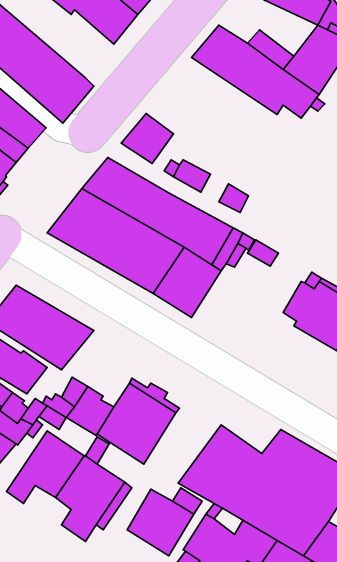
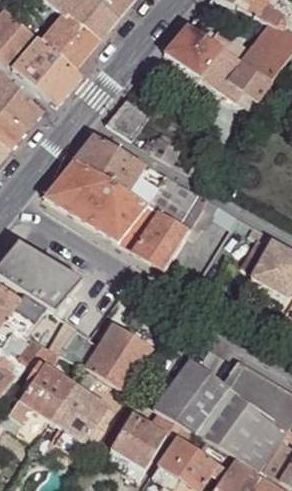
building: none -> [42,11,99,68]

